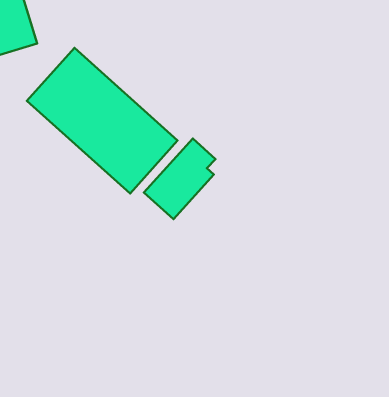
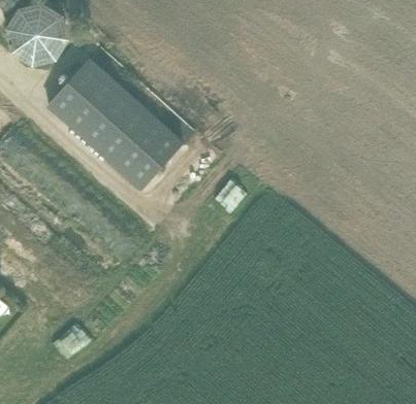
building: [144,139,216,219] -> none

